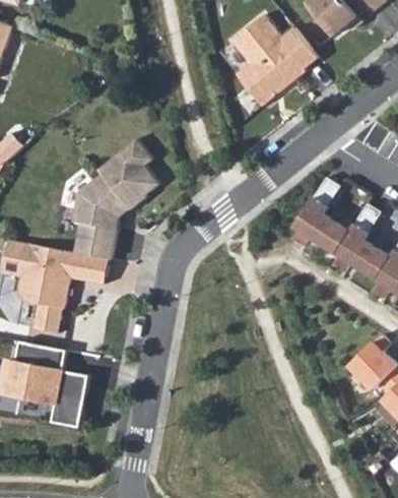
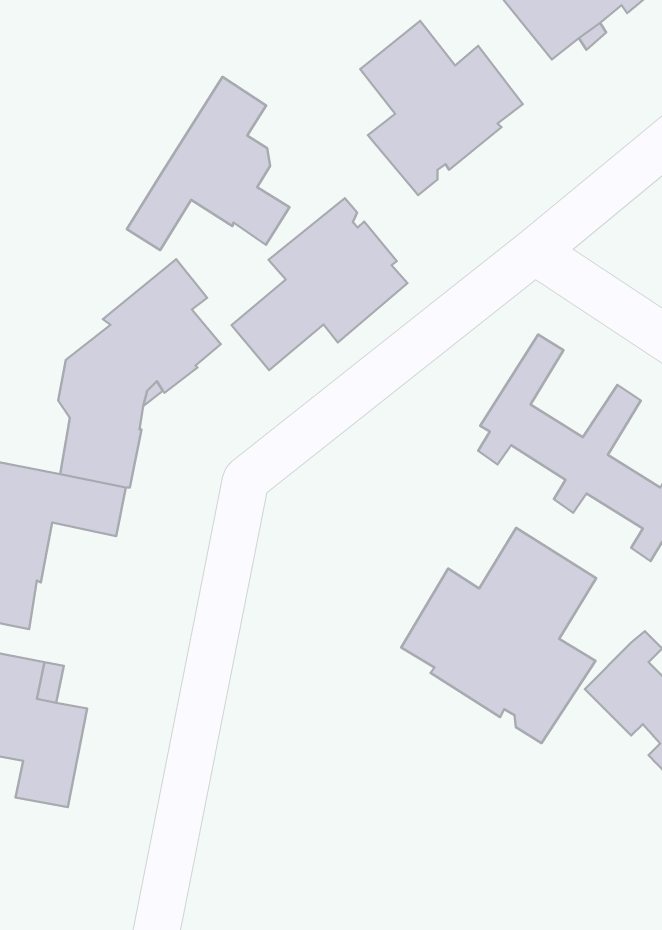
building: none -> [127,77,290,250]
building: none -> [231,198,408,370]
building: none -> [401,528,596,743]

